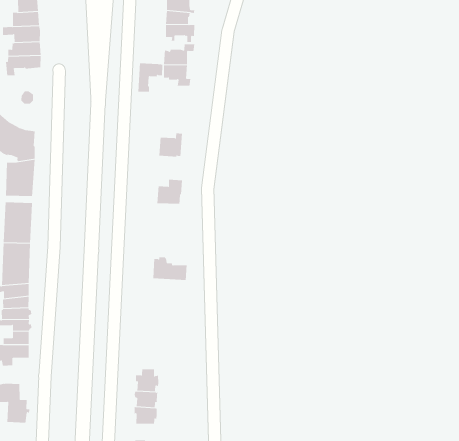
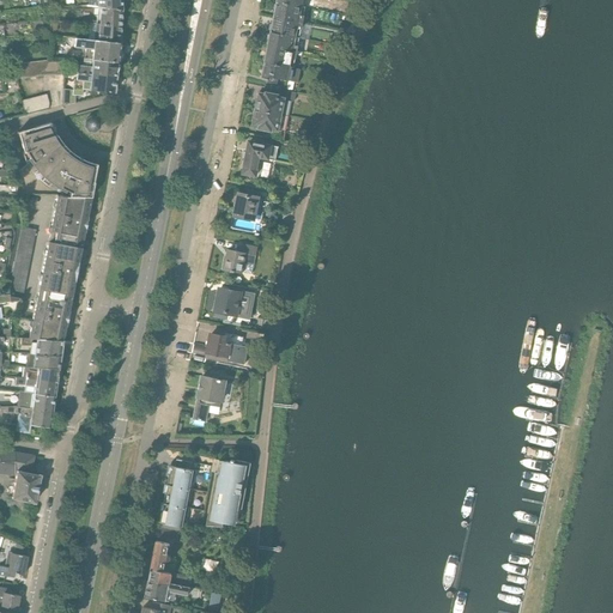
building: [138,63,163,92] -> [243,140,278,176]
building: none -> [214,287,243,318]
building: none -> [194,371,227,420]
building: none -> [206,459,249,526]

